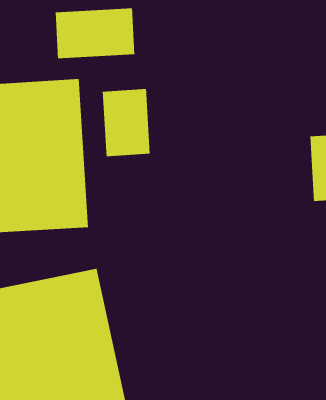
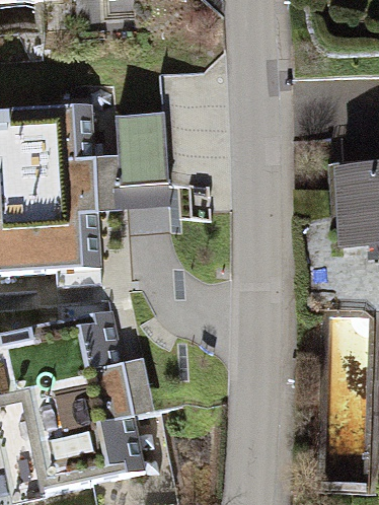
building: [55,7,135,59] -> none

